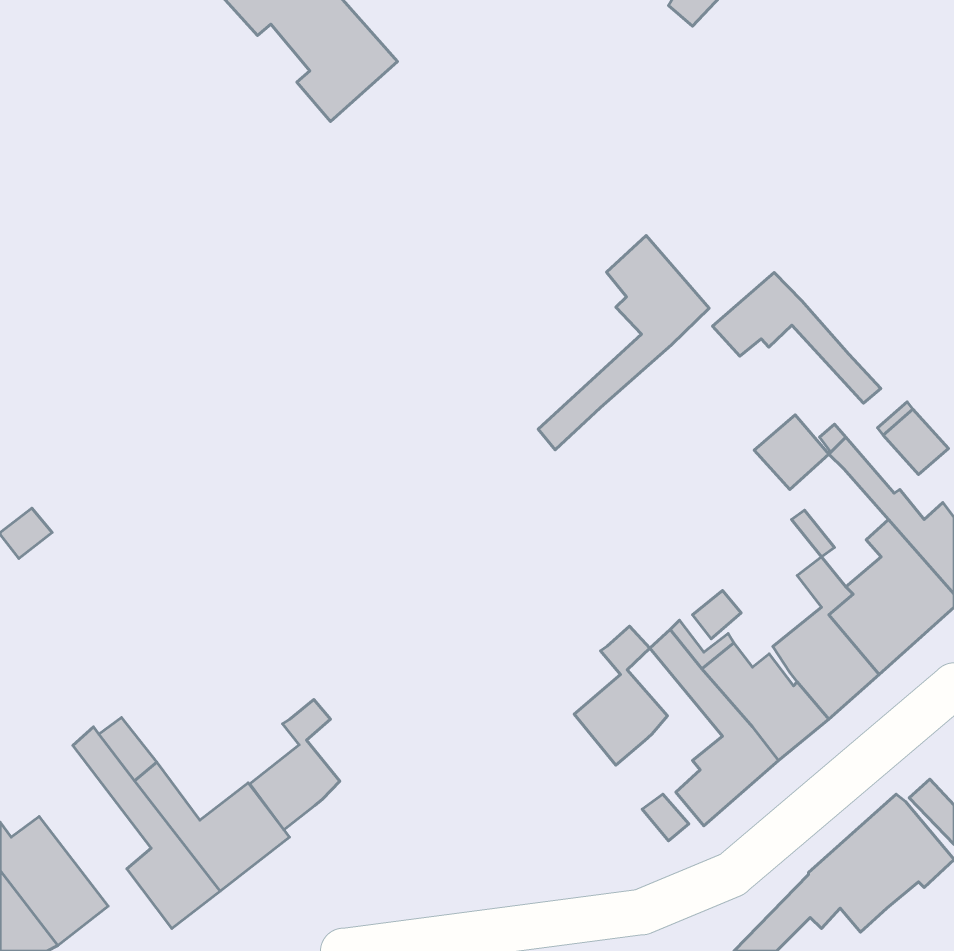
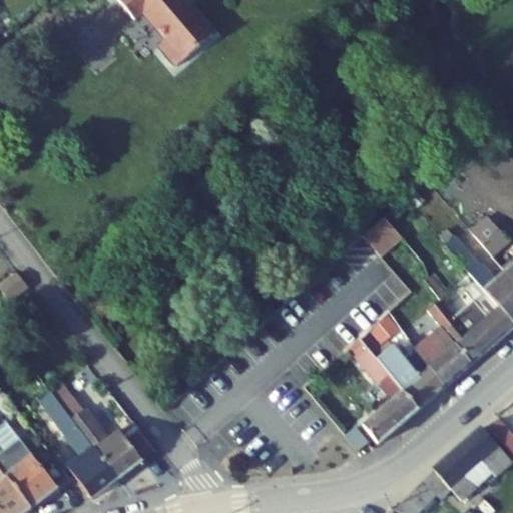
building: [538,236,709,450] -> none
building: [713,273,881,403] -> none
building: [754,415,829,490] -> [361,215,401,255]
building: [574,626,668,765] -> none
building: [250,699,340,830] -> none

